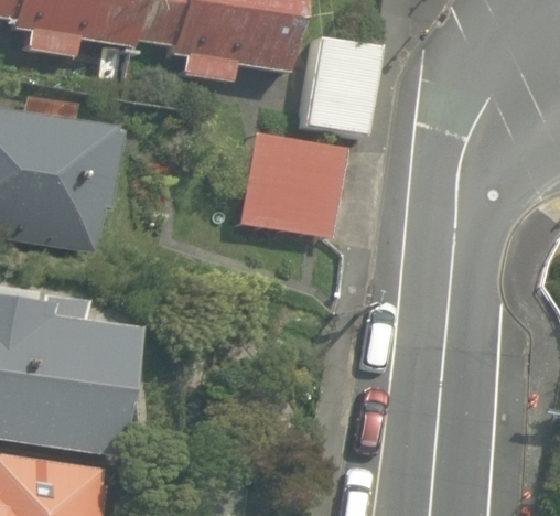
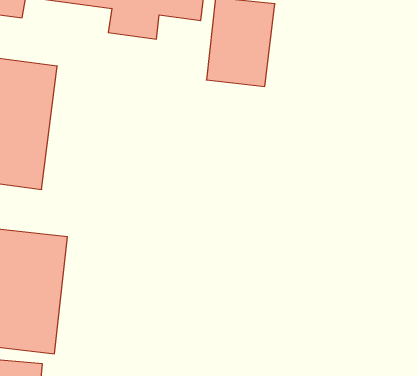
building: [233,143,344,235] -> none

